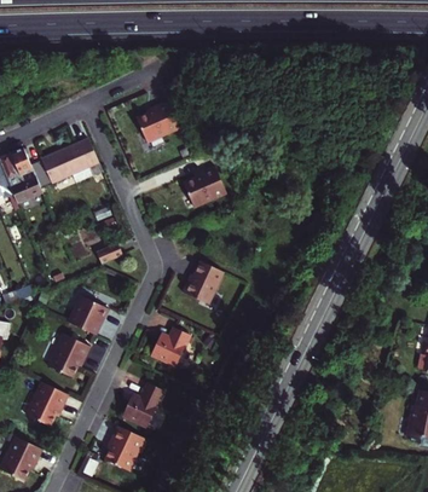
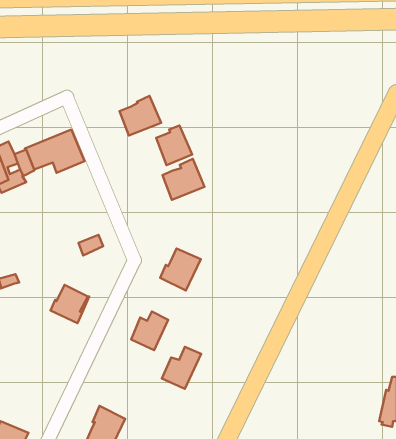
building: none -> [156,126,192,165]
building: [47,335,89,378] -> none
building: [122,381,163,424] -> [162,347,201,389]
building: [27,383,69,427] -> none

